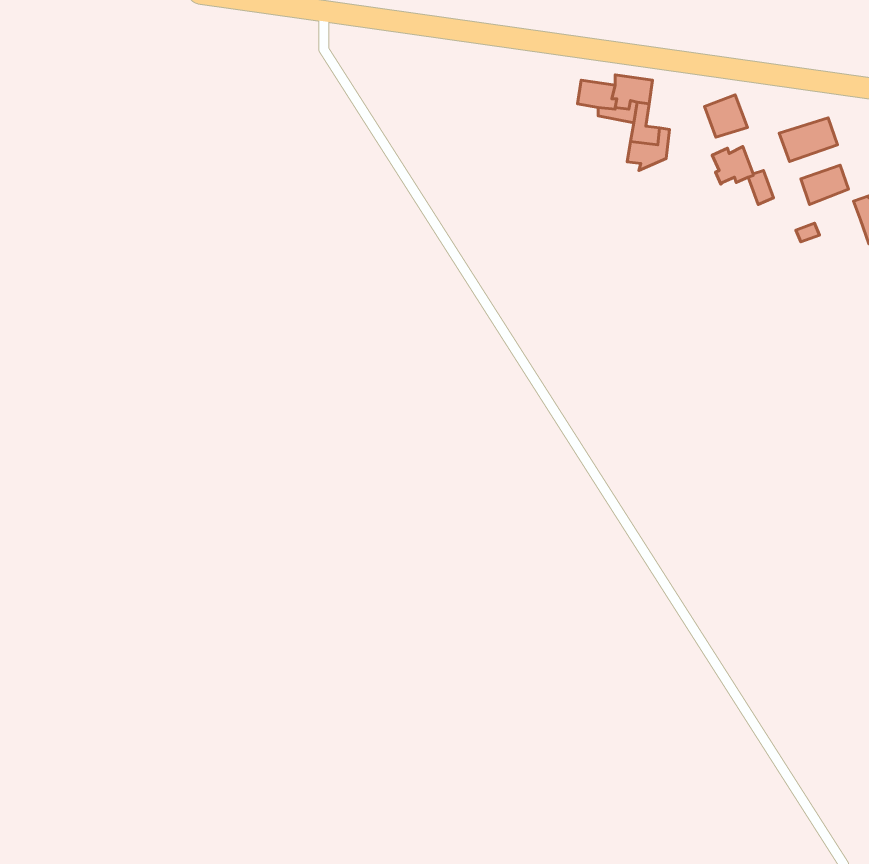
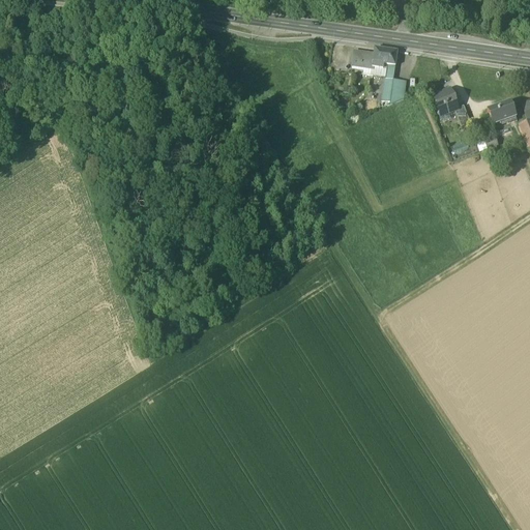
building: [705,95,748,137] -> none
building: [779,118,837,162] -> none

